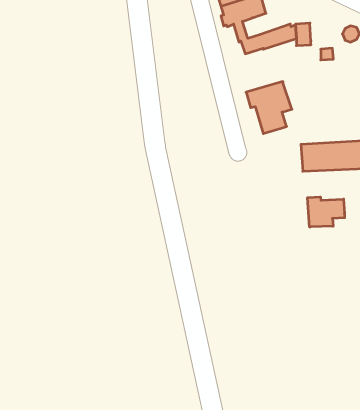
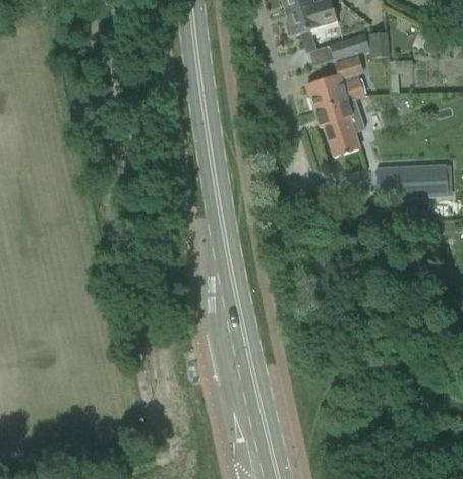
building: none -> [306,54,365,109]
building: [308,197,345,227] -> none

